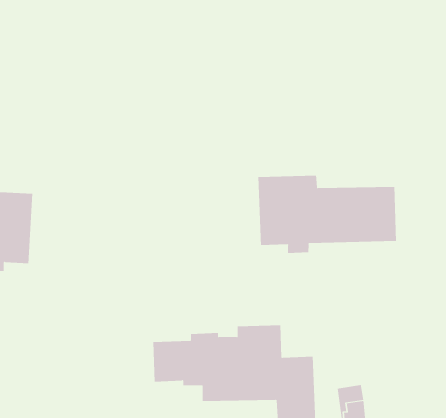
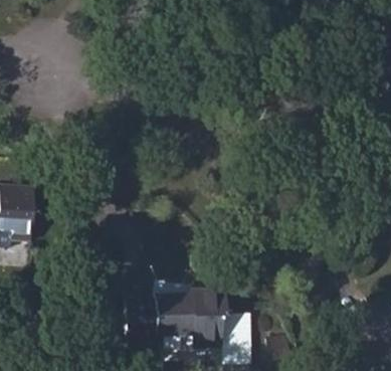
building: [258,175,396,254] -> none

